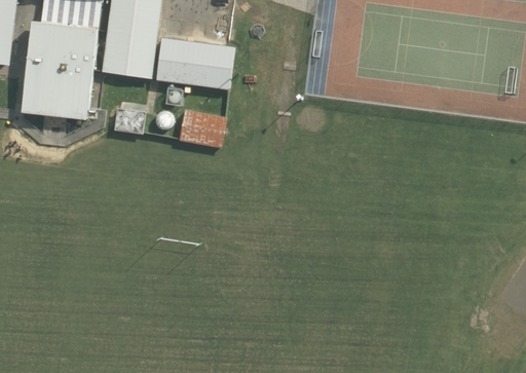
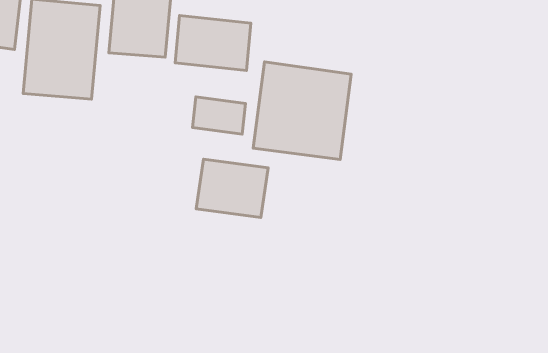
building: none -> [253,62,351,159]
building: none -> [196,159,268,217]

